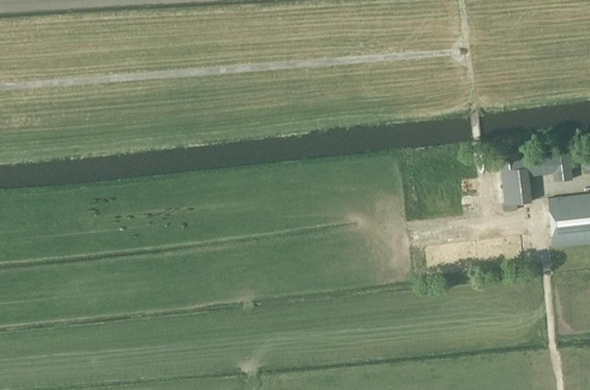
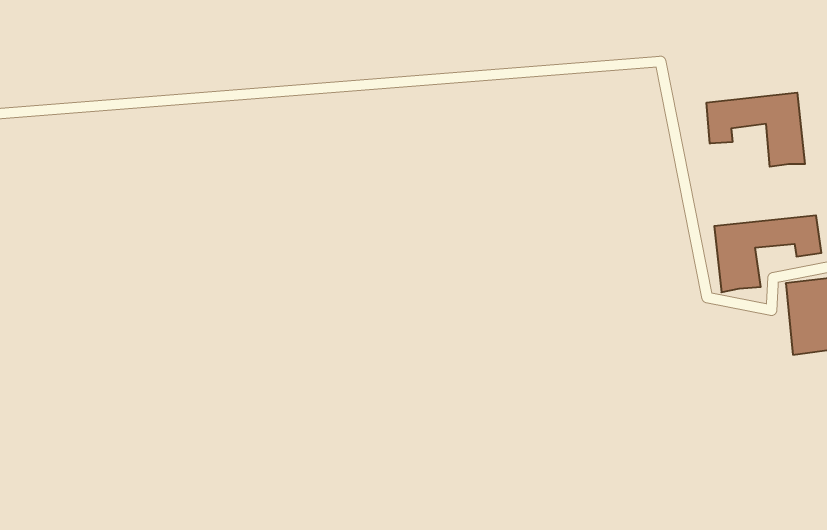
building: none -> [707,93,805,167]

